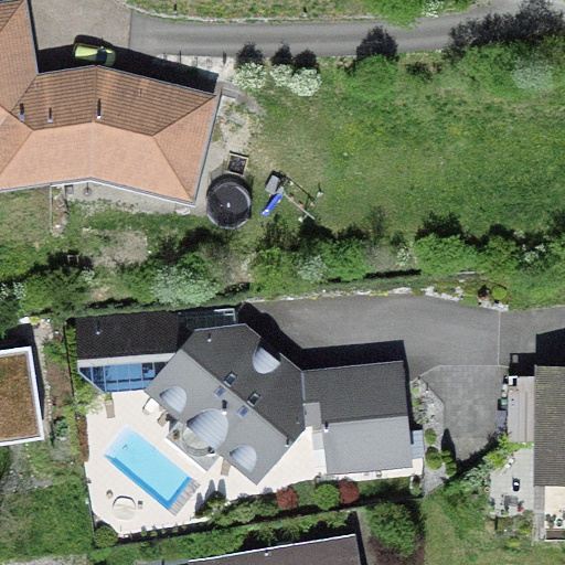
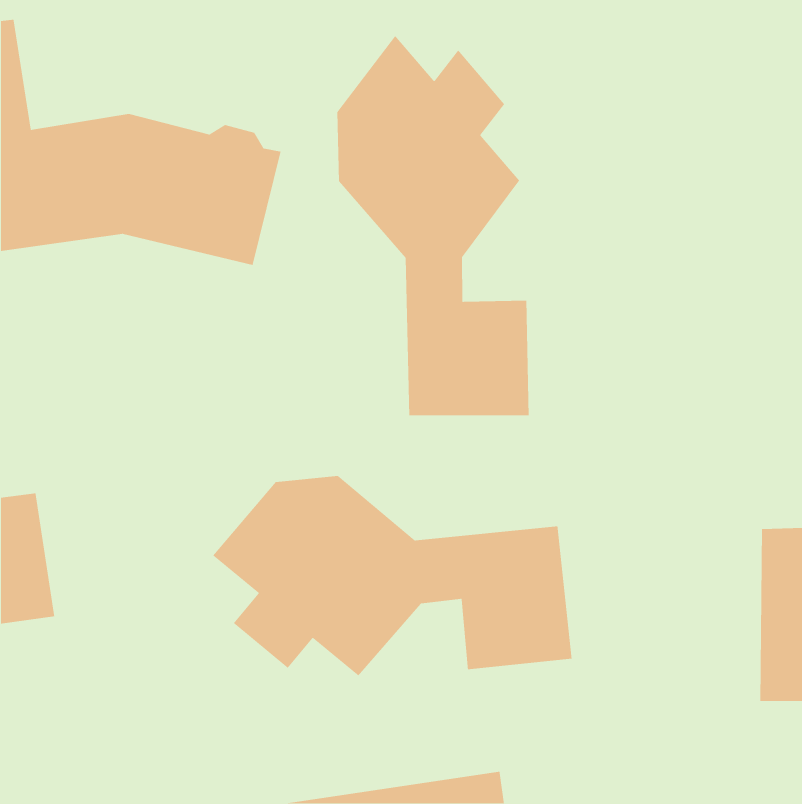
building: none -> [337,35,529,416]

